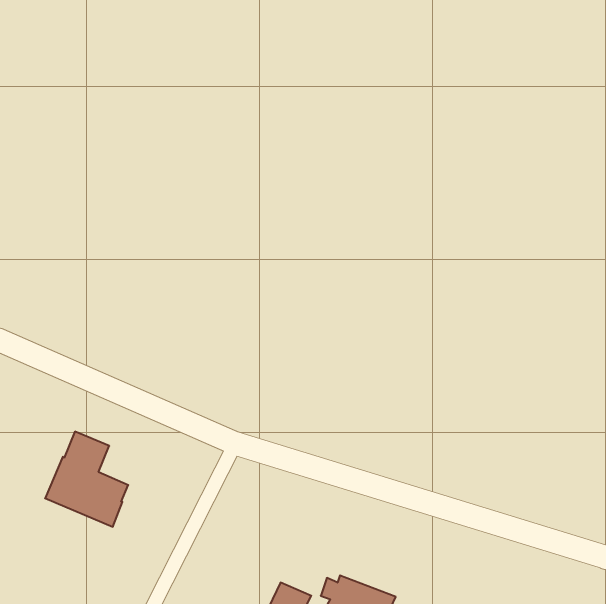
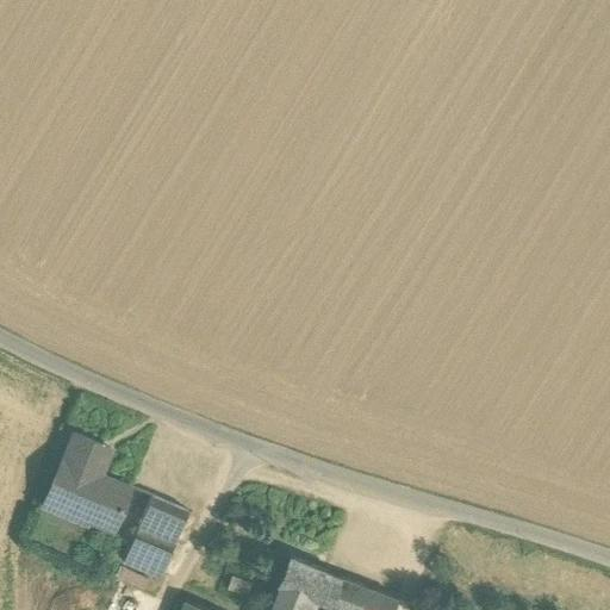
building: none -> [124,498,189,580]
building: none -> [276,558,324,600]

